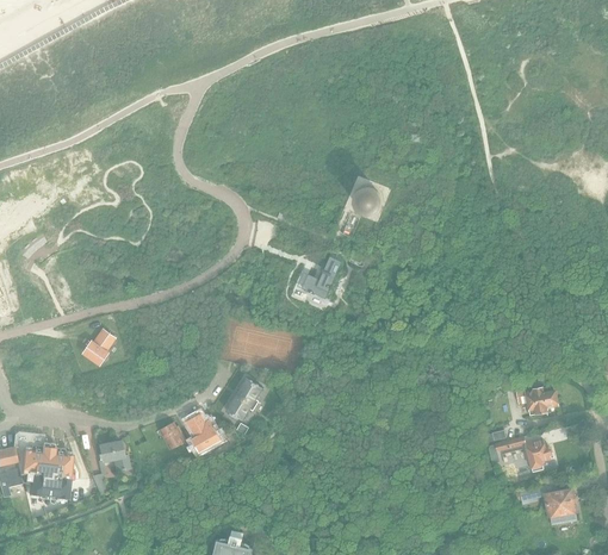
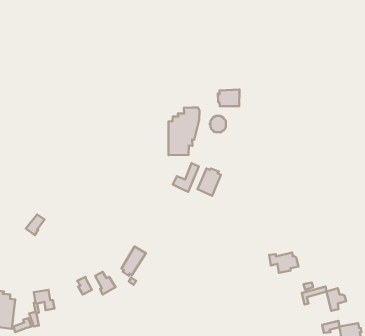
building: none -> [218,89,239,106]
building: none -> [169,107,199,155]
building: none -> [197,169,221,196]
building: [516,386,559,416] -> [269,253,299,273]

